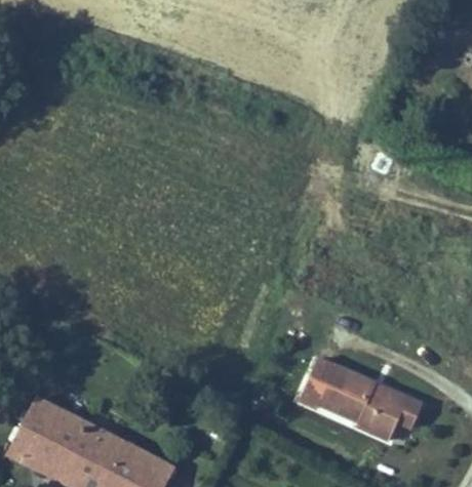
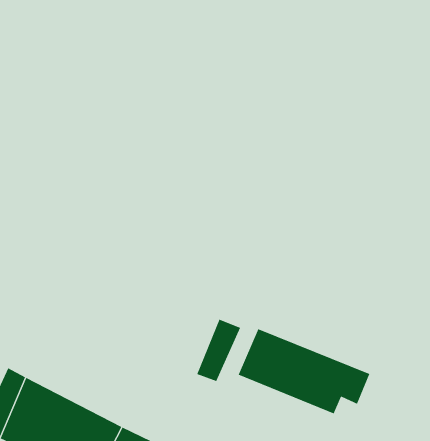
building: none -> [197,319,241,382]

